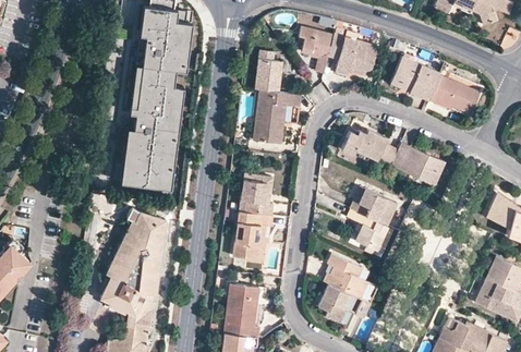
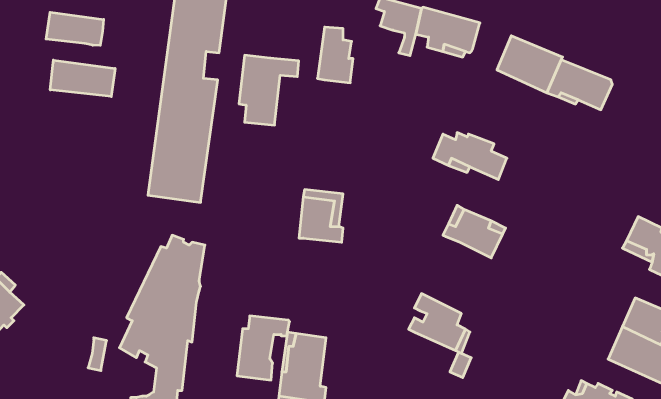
building: none -> [46,12,104,45]
building: none -> [50,60,115,97]
building: [254,92,300,145] -> [239,55,299,125]
building: [391,145,444,187] -> none
building: [348,211,386,251] -> none
building: [232,213,272,262] -> [237,316,290,380]
building: [317,284,349,324] -> none

